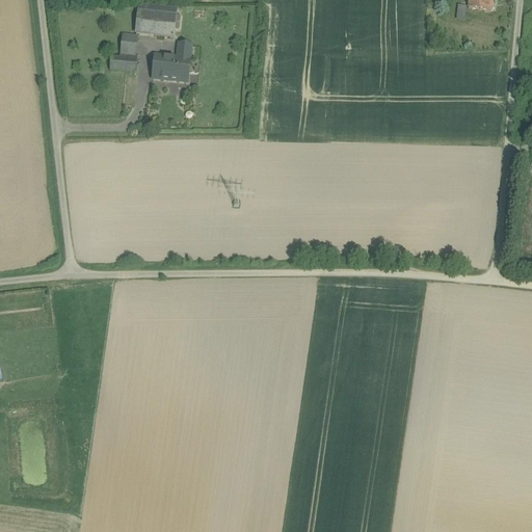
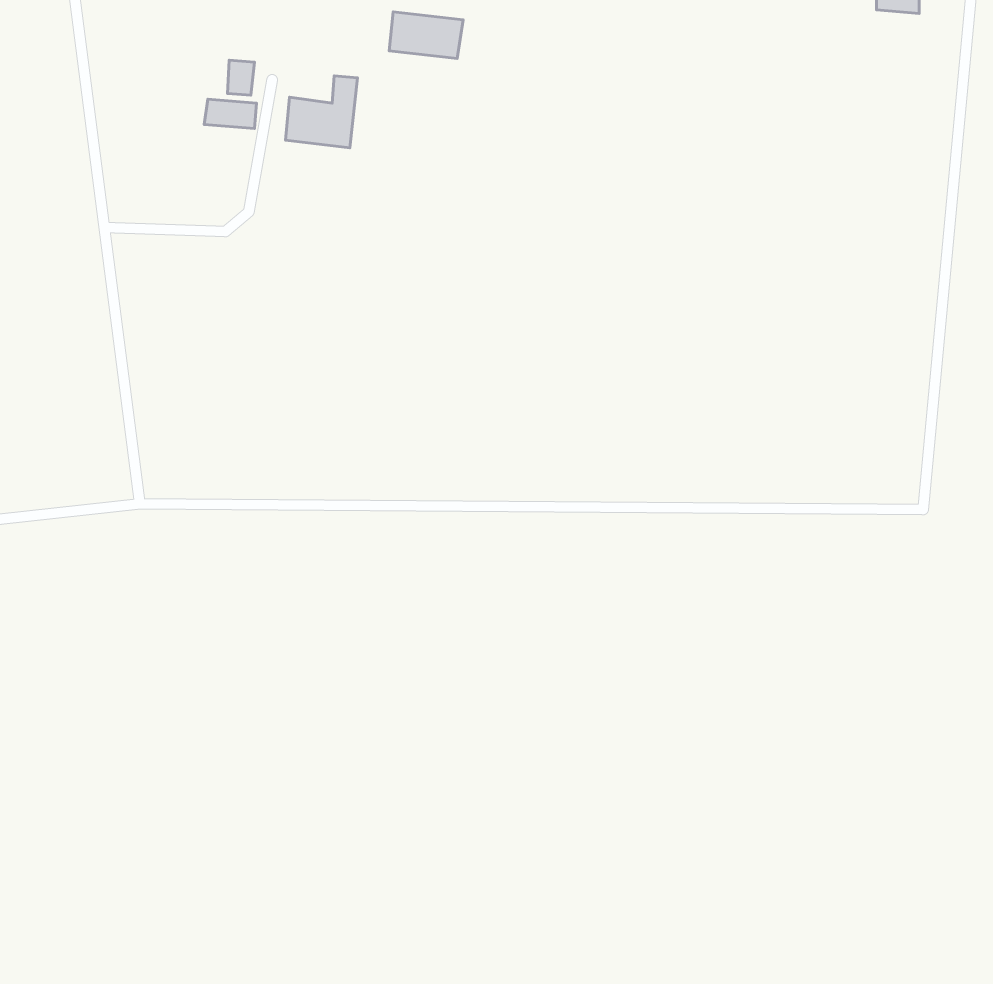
building: [136,8,176,33] -> [389,12,463,59]

